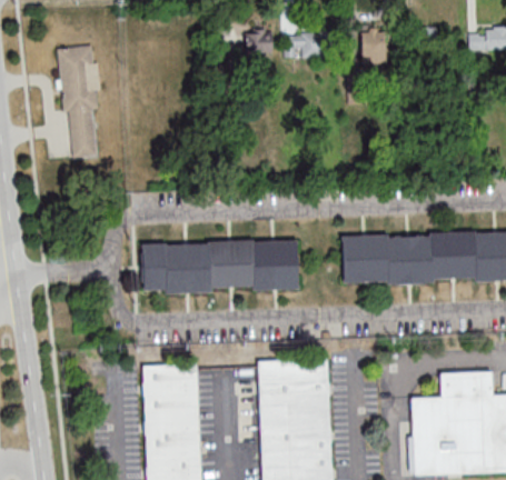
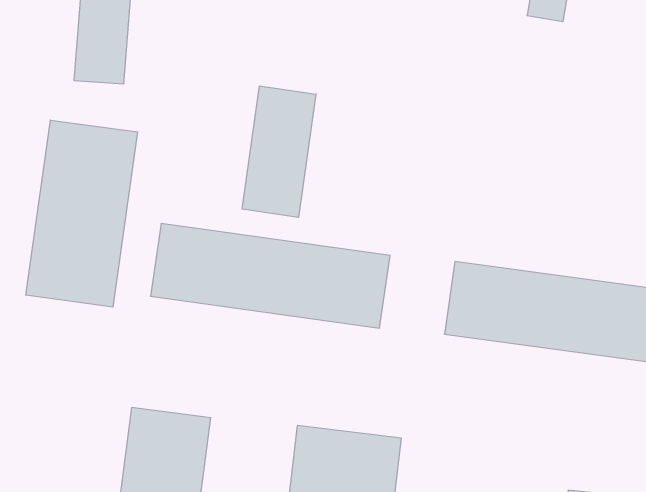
building: none -> [242,86,316,217]
building: none -> [26,120,137,307]

